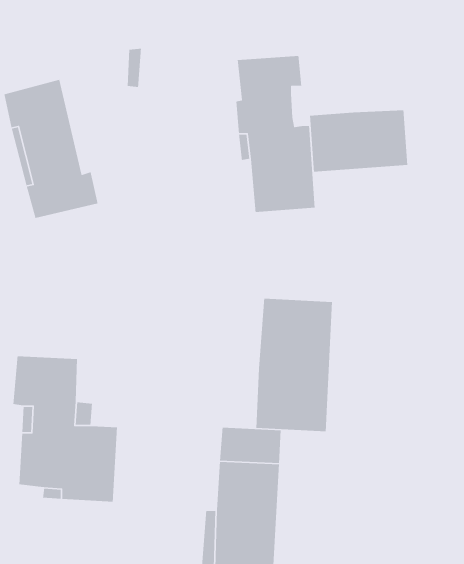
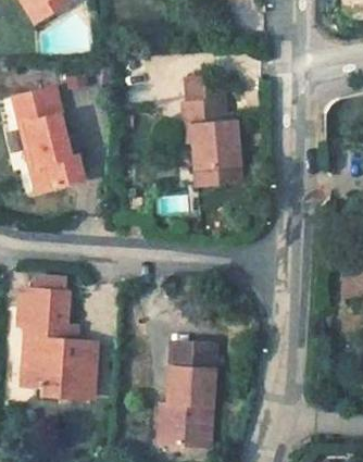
building: [309,110,408,173] -> none
building: [255,298,333,432] -> none

